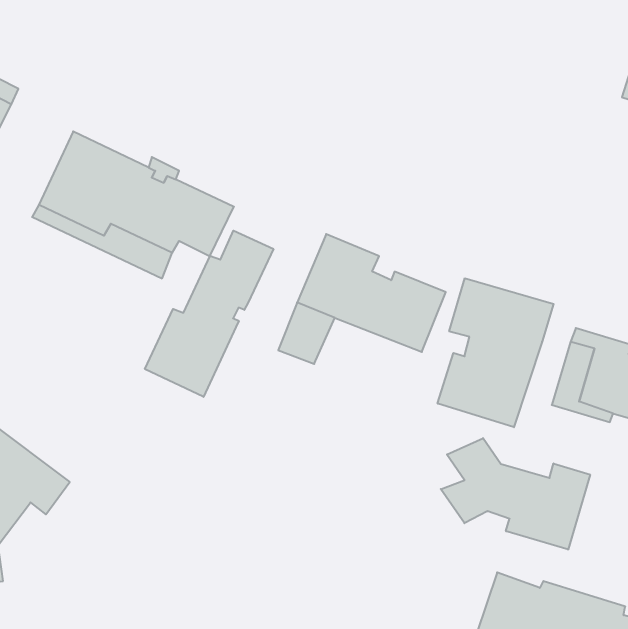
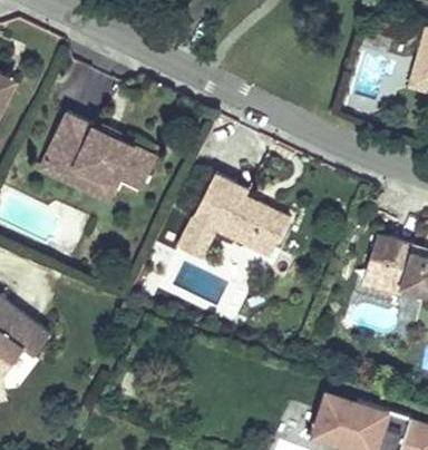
building: [145,231,273,397] -> none
building: [438,278,554,427] -> none
building: [441,438,590,550] -> none

